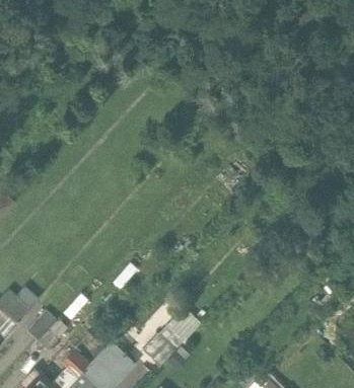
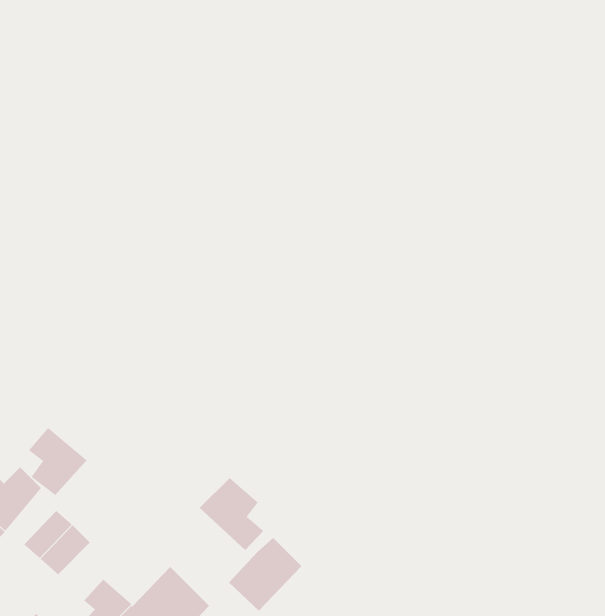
building: none -> [28,427,88,496]
building: none -> [199,477,264,551]

